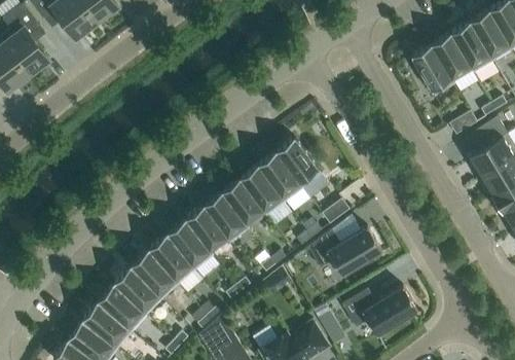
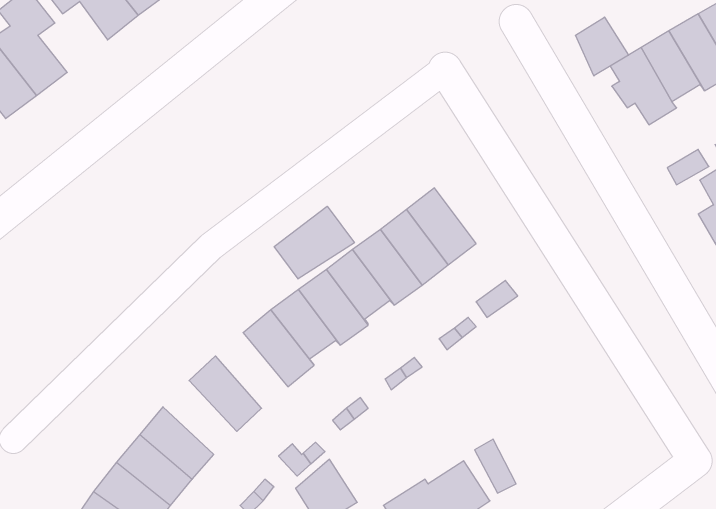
building: none -> [575,17,629,76]
building: none -> [274,206,354,279]
building: [308,225,381,276] -> none
building: [148,235,196,285] -> none
building: [113,266,162,316] -> none
building: [342,287,418,336] -> none

